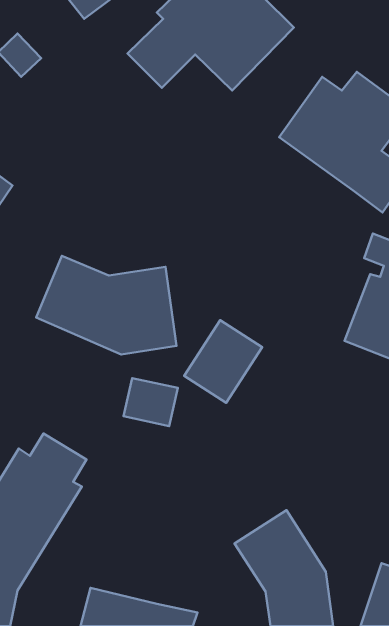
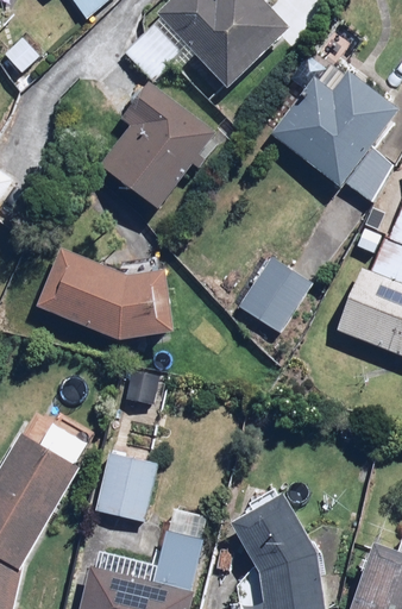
building: none -> [92,83,216,212]
building: [184,320,262,403] -> [238,256,313,335]
building: none -> [96,448,158,520]
building: none -> [155,533,205,591]

